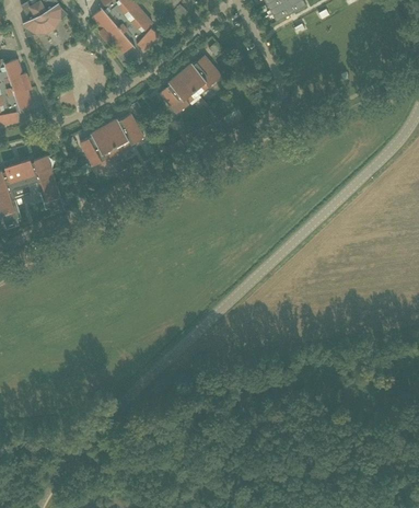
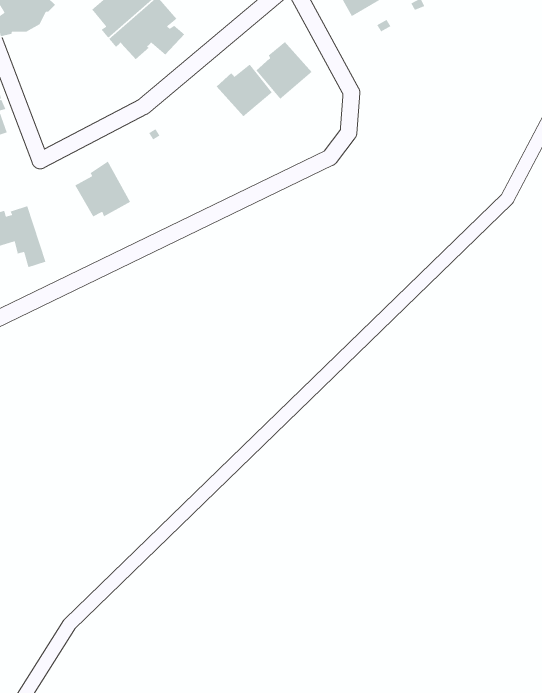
building: [160,71,200,113] -> [255,41,312,100]
building: [104,113,144,153] -> none

